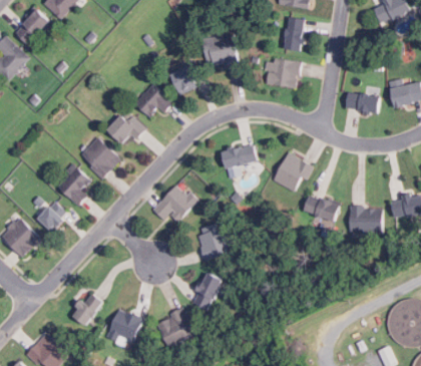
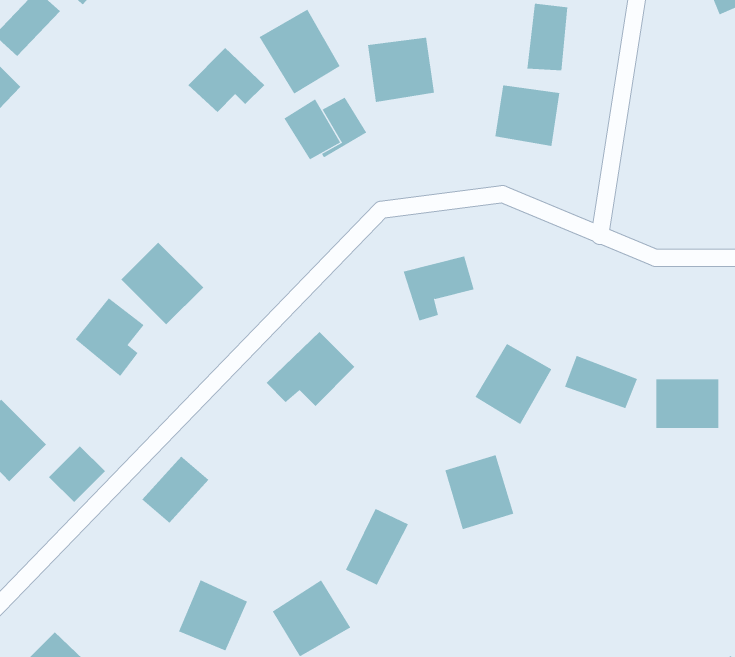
building: none -> [259,9,341,95]
building: [133,84,172,117] -> [188,47,265,113]
building: [345,93,379,113] -> none
building: [107,111,145,144] -> none
building: [272,152,311,194] -> [475,343,552,425]
building: [37,202,66,231] -> [48,445,106,503]
building: [195,222,231,260] -> [444,454,514,530]
building: [69,292,103,326] -> [142,456,209,523]

